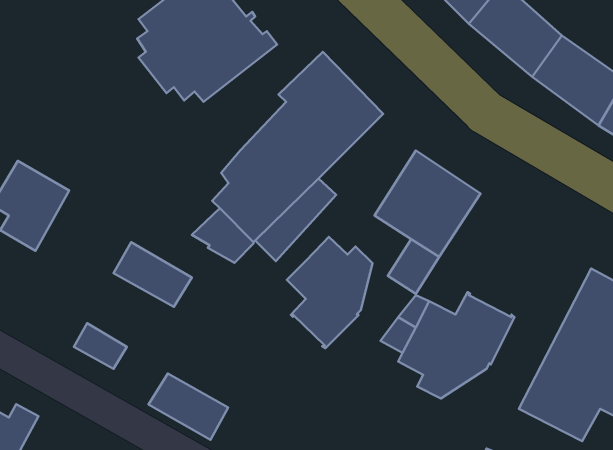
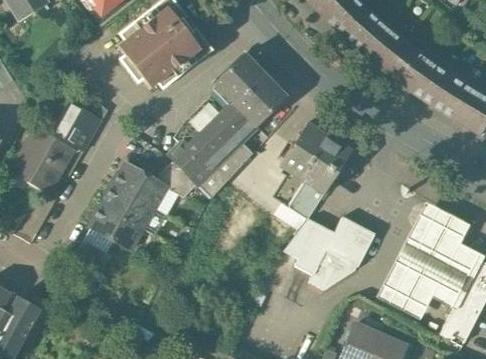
building: none -> [63,99,108,149]
building: none -> [114,161,167,207]
building: [287,237,372,348] -> none
building: [149,374,228,440] -> [89,204,143,249]

